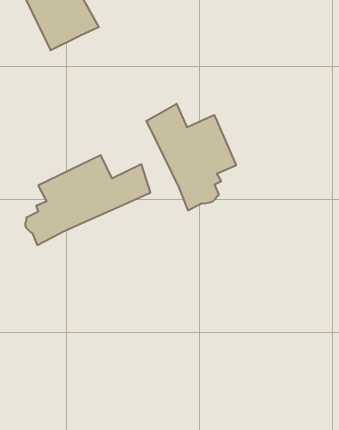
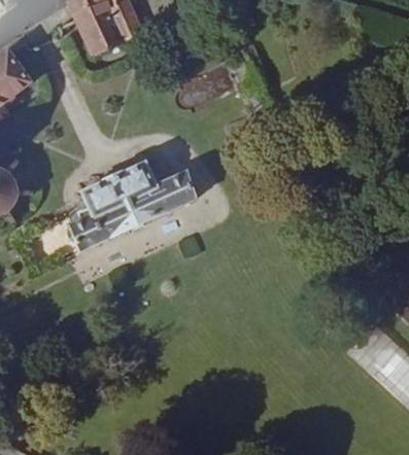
building: [146,104,236,210] -> none

